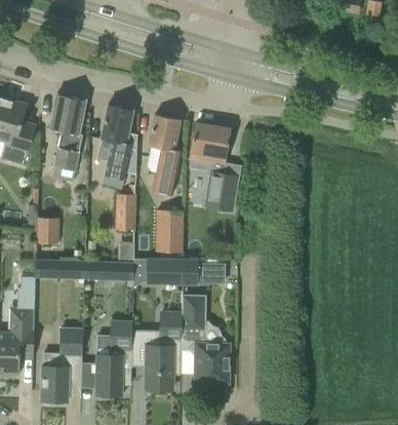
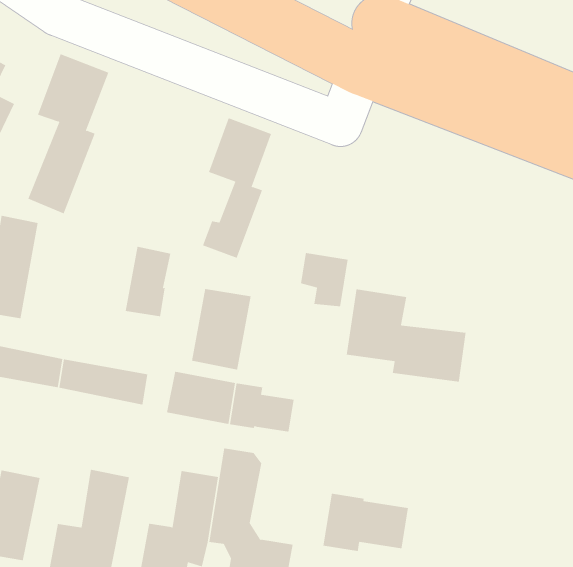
building: [101,104,133,189] -> none
building: [190,122,230,168] -> none
building: none -> [346,289,466,382]
building: none -> [323,493,409,552]

